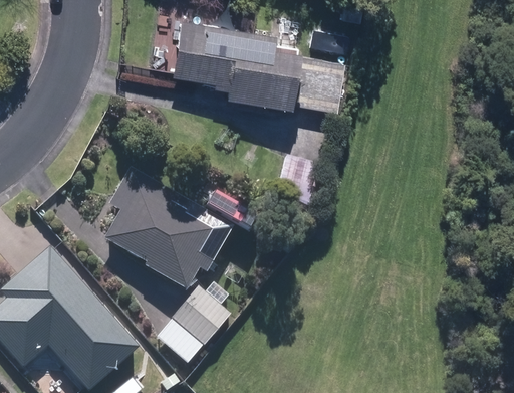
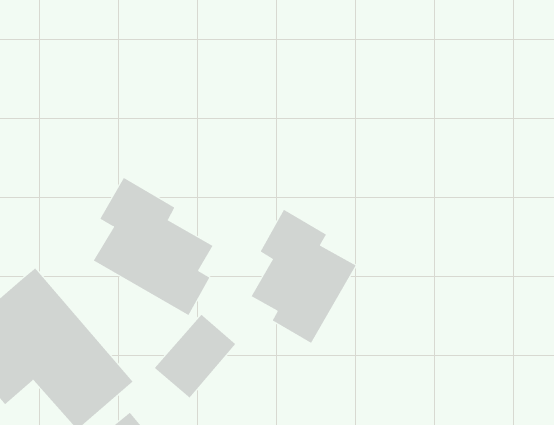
building: [170,18,345,112] -> none
building: none -> [251,209,356,344]

